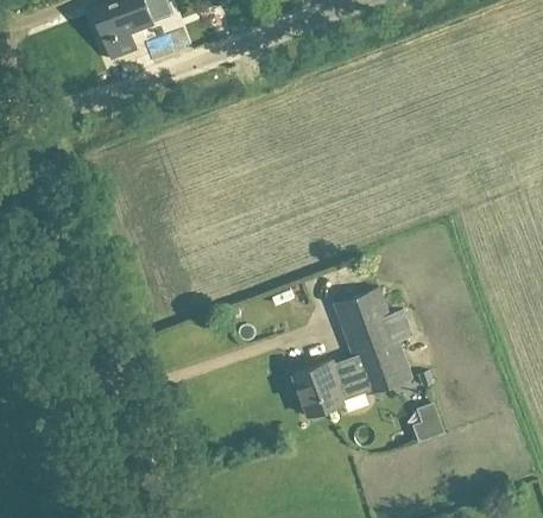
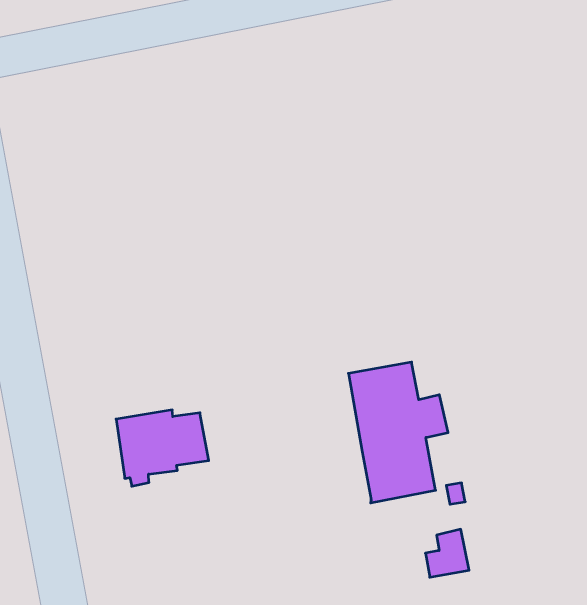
building: [293,359,365,419] -> [116,410,209,486]

